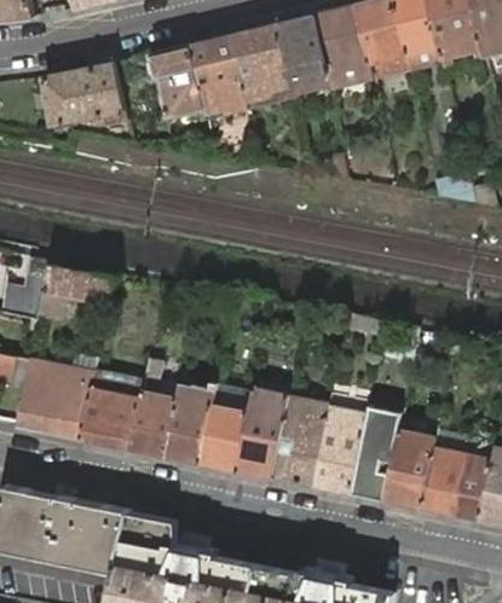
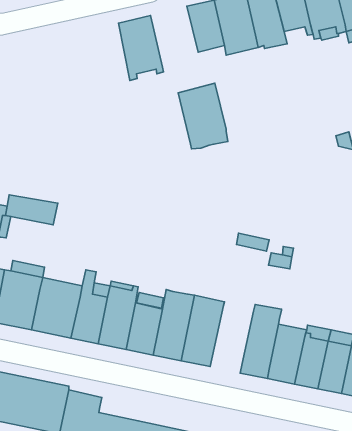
building: [230,23,294,108] -> [178,83,228,149]
building: [148,45,203,120] -> none
building: [42,63,125,127] -> none
building: [307,408,363,495] -> none

